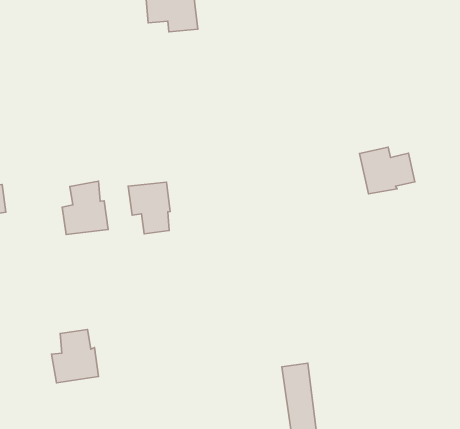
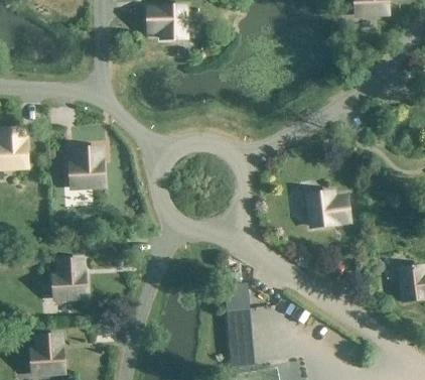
building: [360,147,415,194] -> [308,192,348,226]
building: [128,182,170,234] -> none

